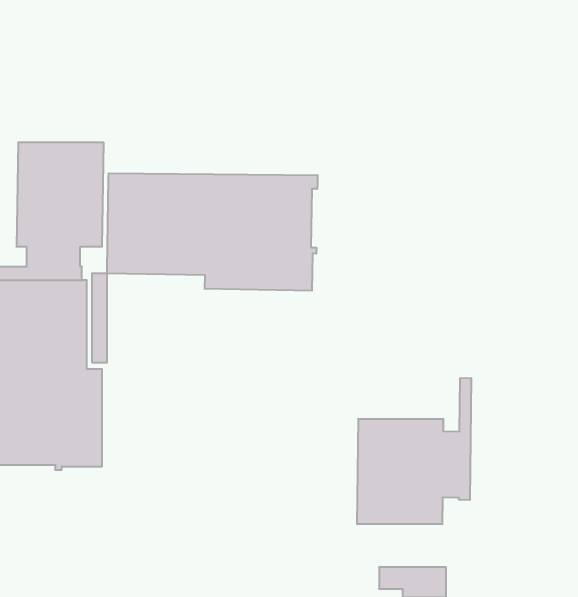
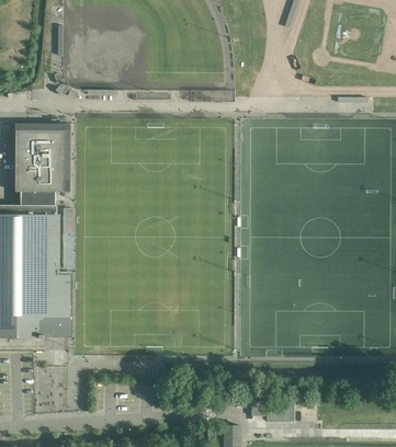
building: [107,173,318,291] -> none
building: [357,378,471,524] -> none

